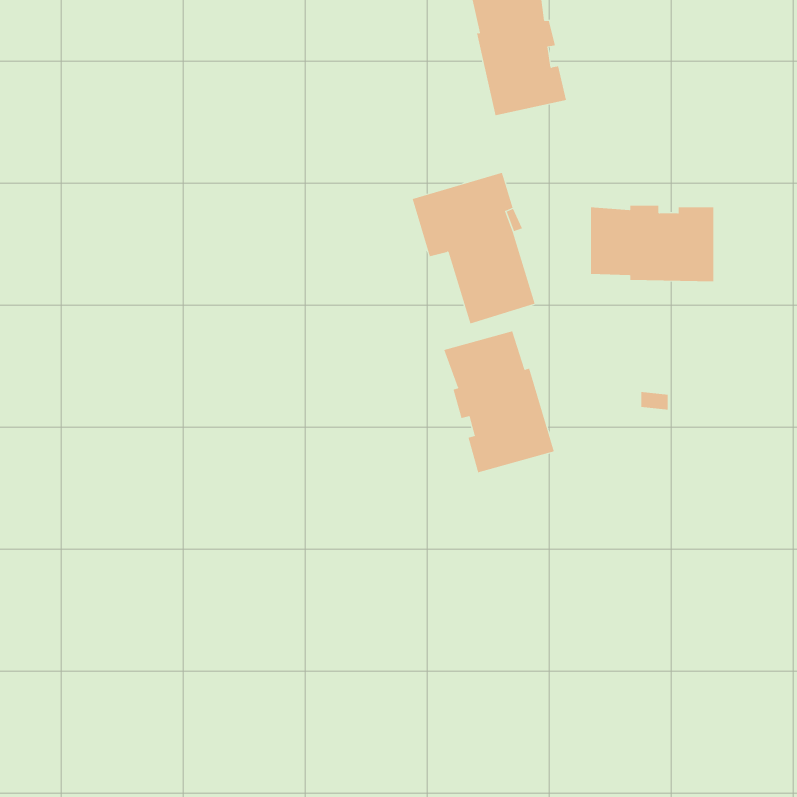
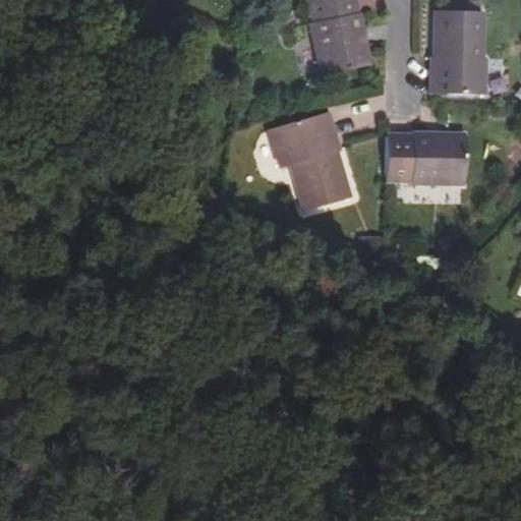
building: none -> [431,11,485,94]
building: [444,330,555,473] -> none

